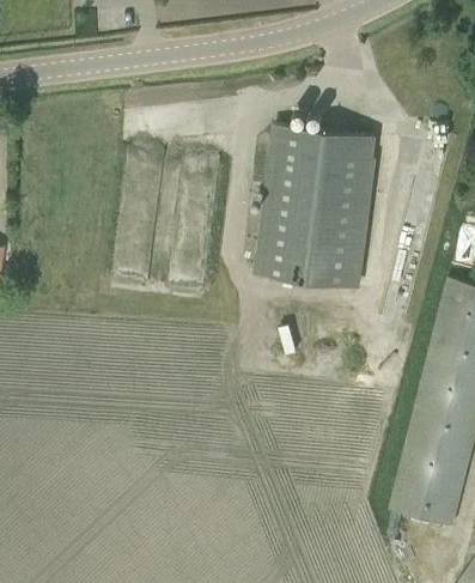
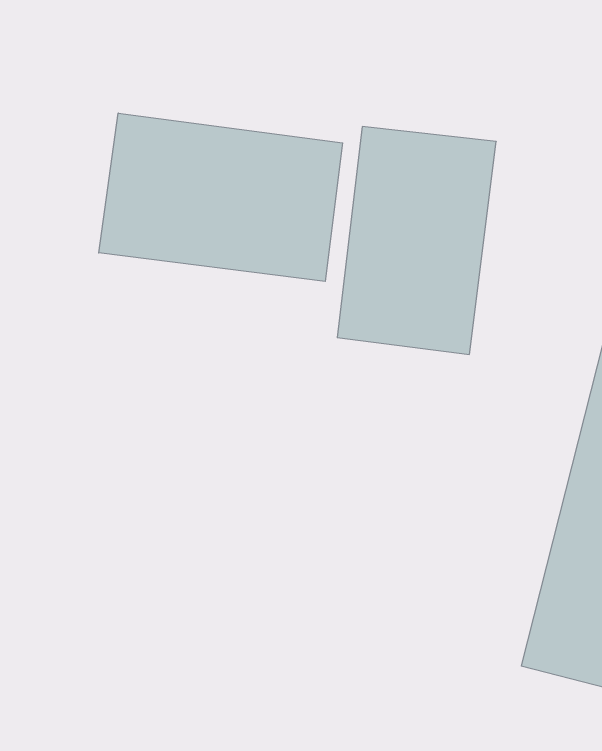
building: none -> [99,113,343,281]

